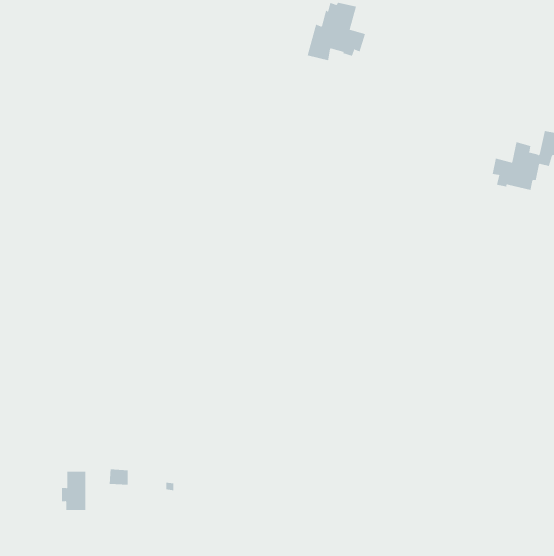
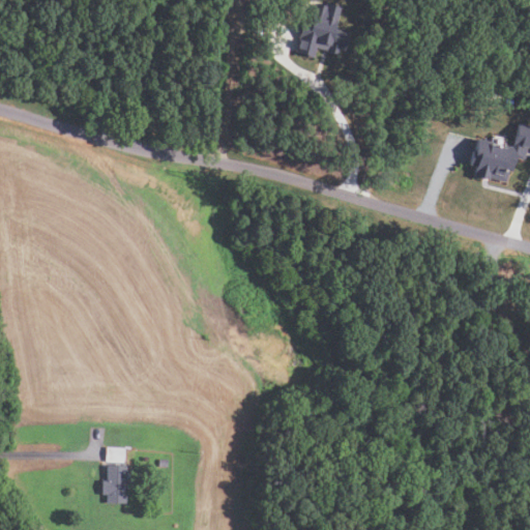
building: [61,471,86,510] -> [102,466,126,503]

